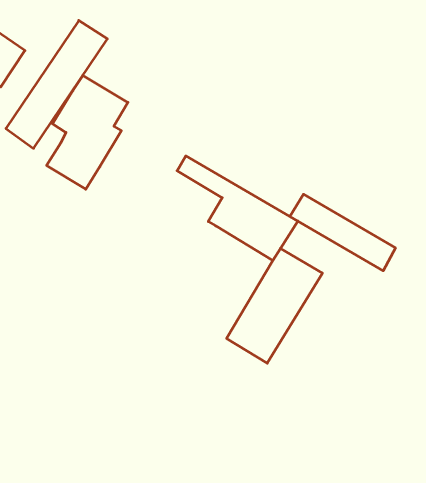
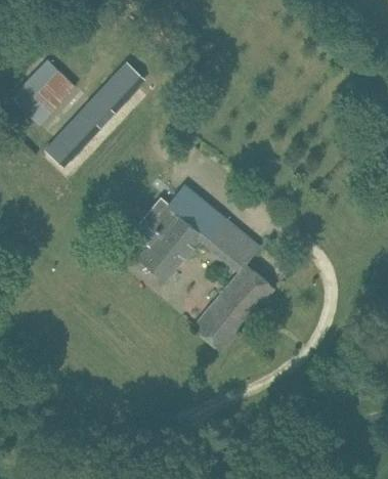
building: [47,75,128,189] -> [138,193,207,279]
building: [290,194,395,271] -> none

